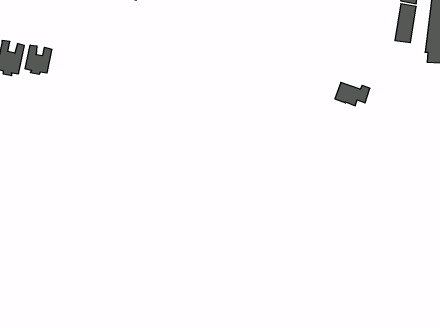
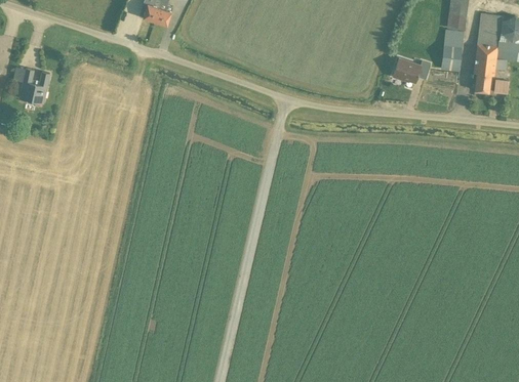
building: [25,45,52,74] -> none
building: [335,82,370,106] -> [393,57,430,82]

